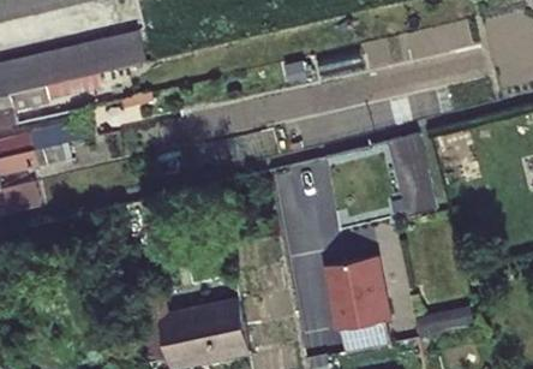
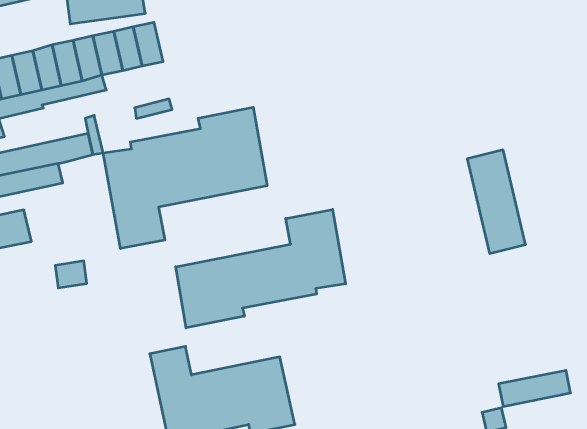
building: none -> [103,107,267,249]
building: none -> [176,209,346,328]
building: [324,256,390,352] -> none

